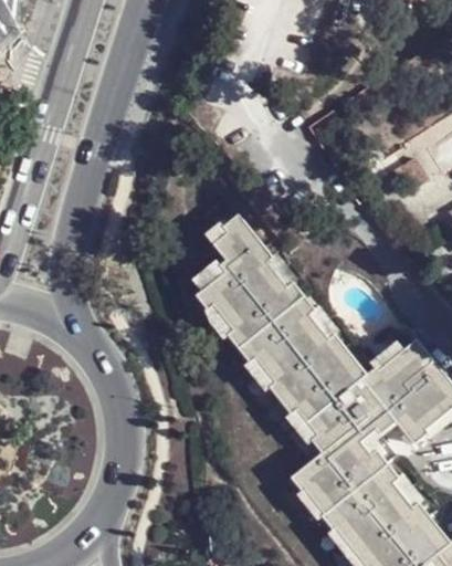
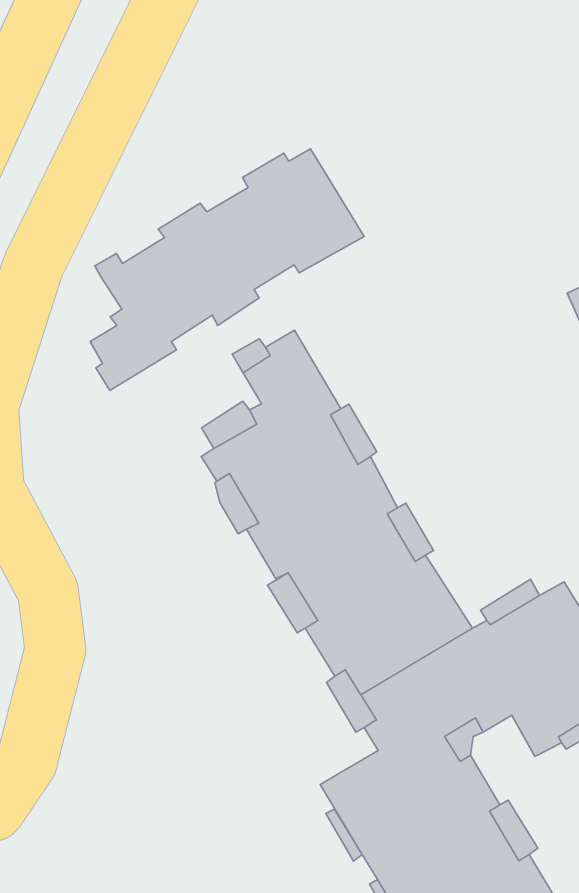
building: none -> [90,149,364,391]

